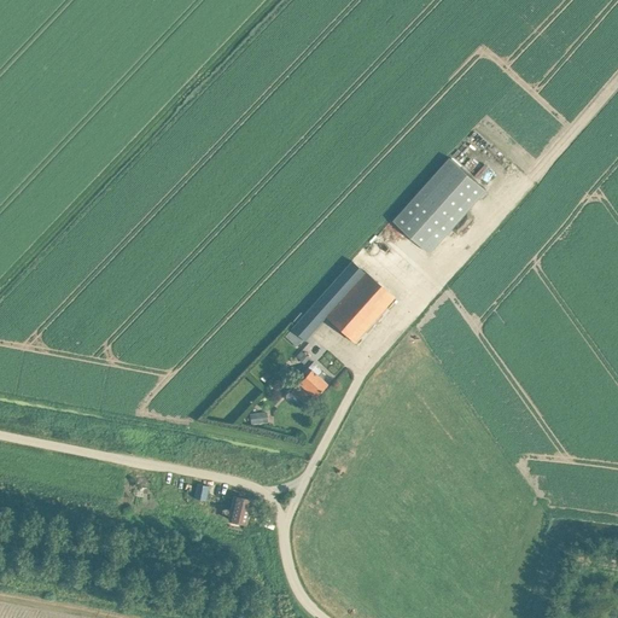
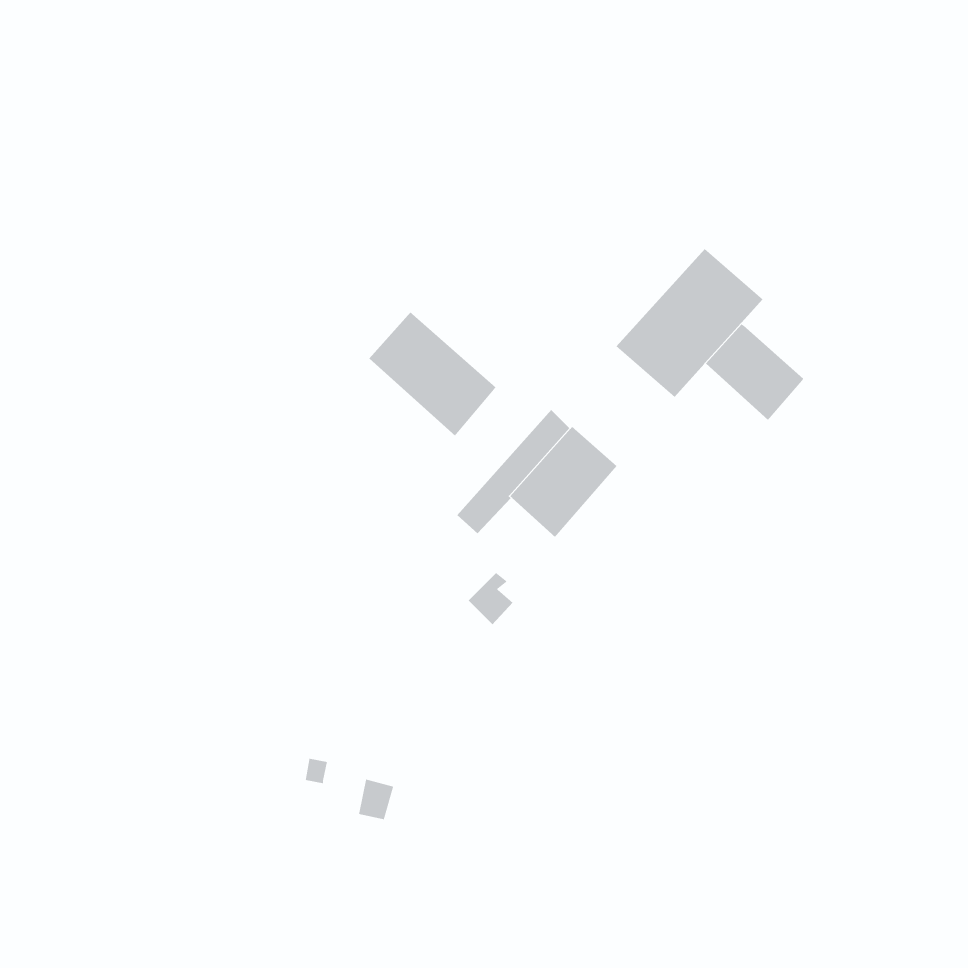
building: none -> [368,311,497,436]
building: none -> [705,323,804,421]

